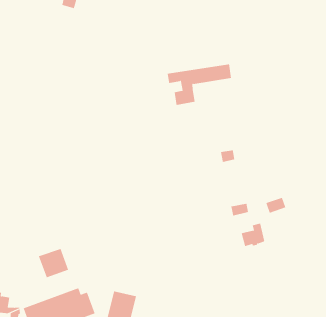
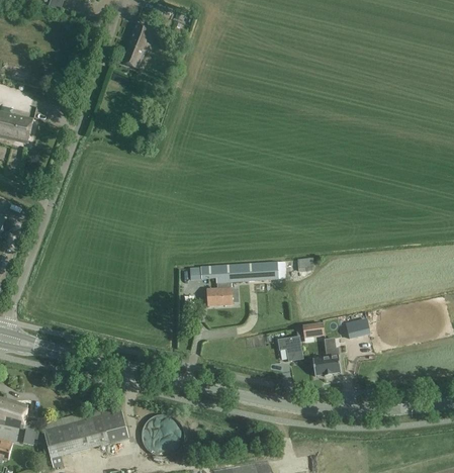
building: [167,64,232,105] -> [201,262,279,305]
building: none -> [278,336,303,361]
building: [38,248,69,278] -> none

